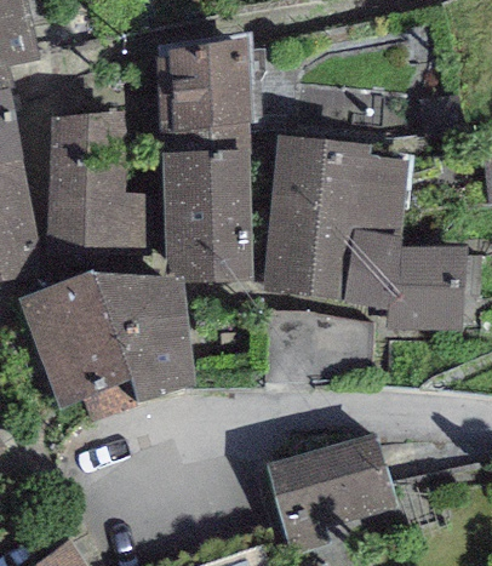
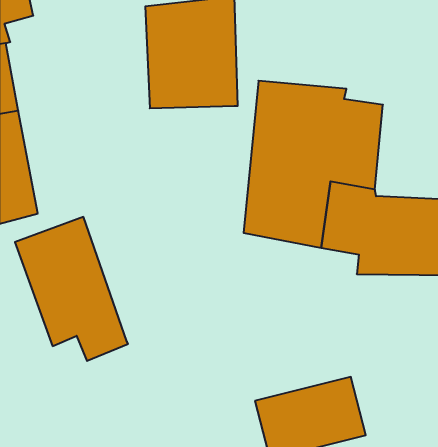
building: [45,107,143,252] -> none
building: [160,154,251,271] -> none
building: [90,271,193,404] -> none

